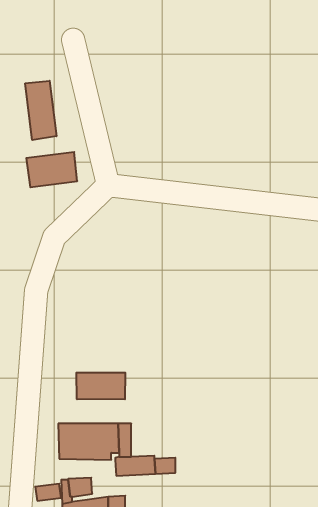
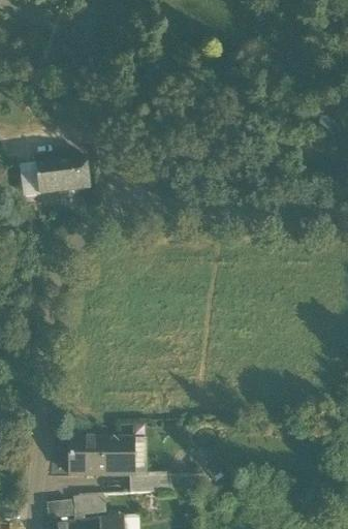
building: [25,81,56,140] -> none
building: none -> [19,164,40,196]
building: [76,373,125,399] -> none

